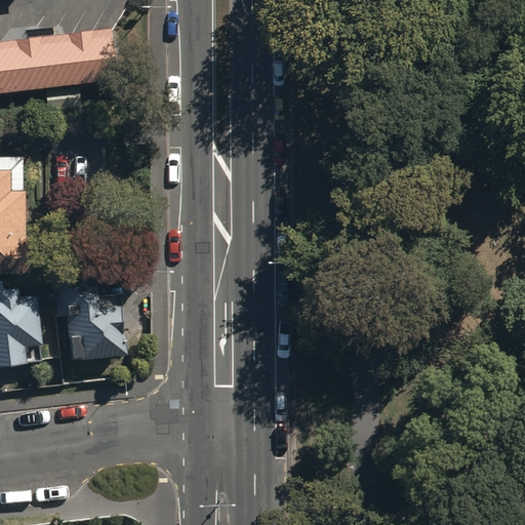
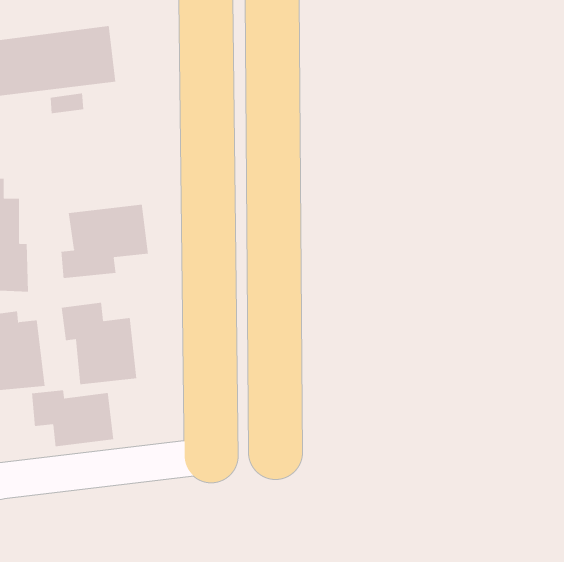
building: none -> [61,204,148,279]
building: none -> [31,390,114,447]

